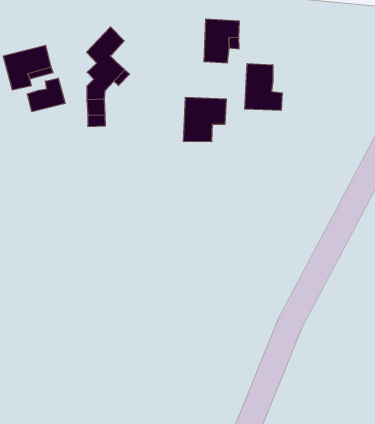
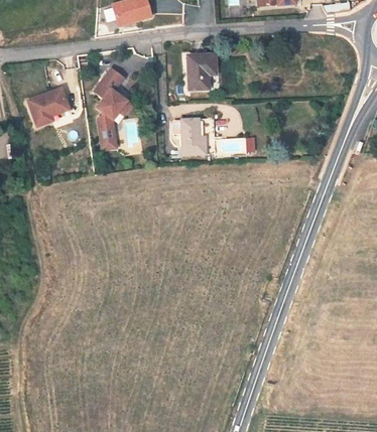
building: [245,64,282,110] -> none
building: [27,78,65,112] -> none

